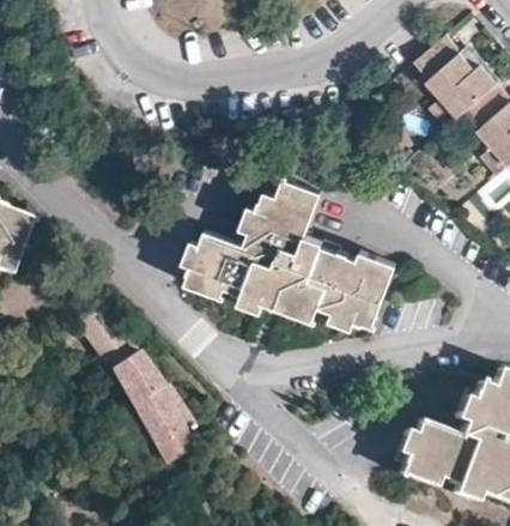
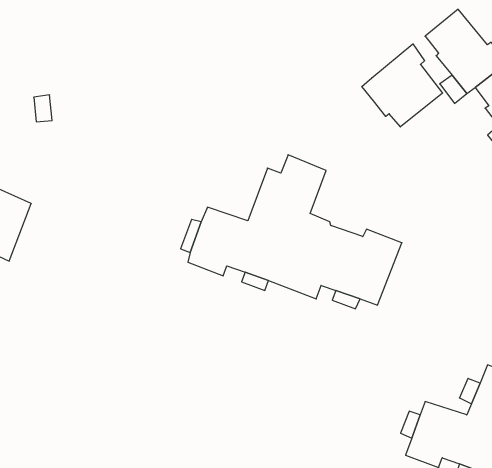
building: none -> [362,44,443,127]
building: [78,309,207,465] -> none

